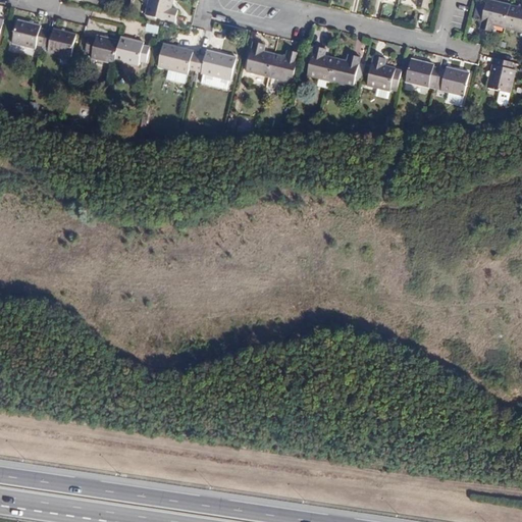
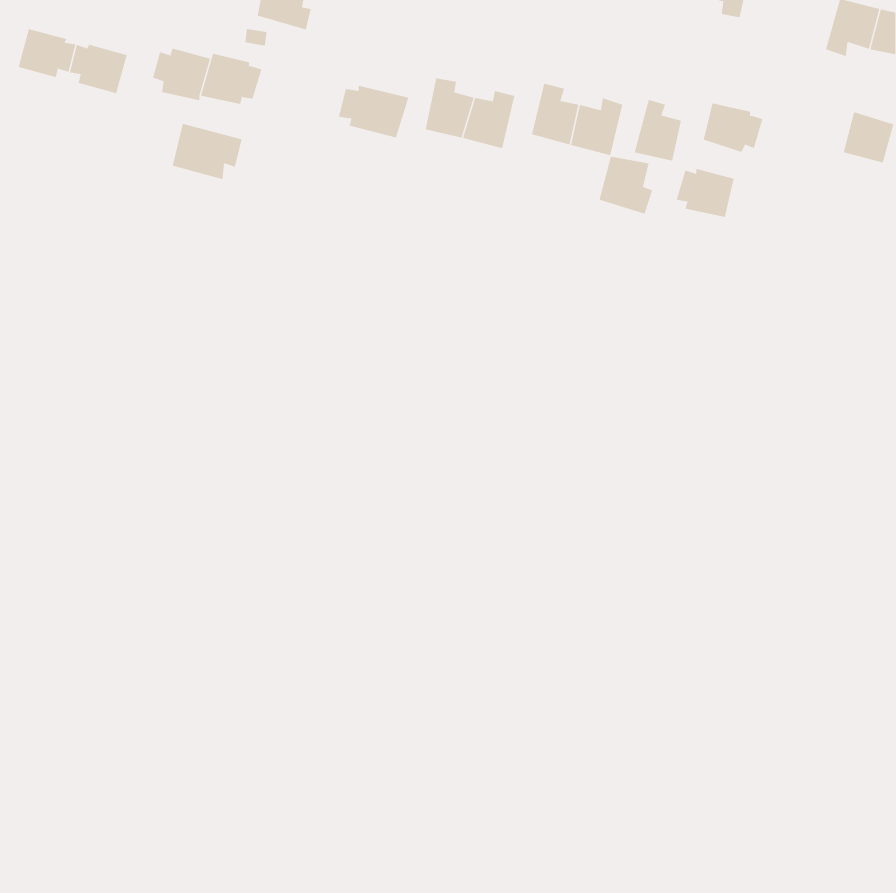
building: [158,42,199,74] -> [172,123,243,180]
building: [434,67,468,96] -> [676,168,734,218]
building: none -> [599,156,653,214]

